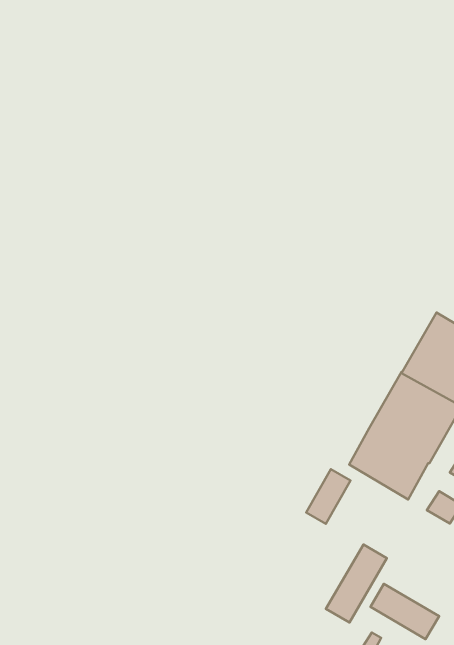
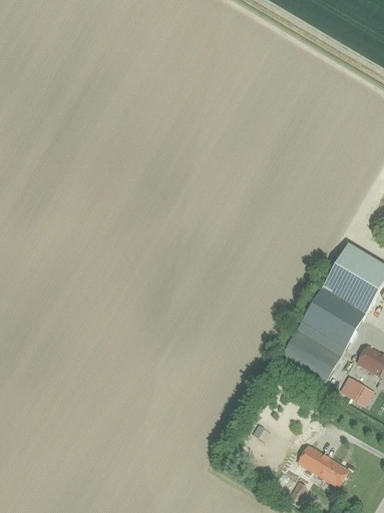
building: [306,469,351,524] -> none
building: [326,545,387,623] -> none

